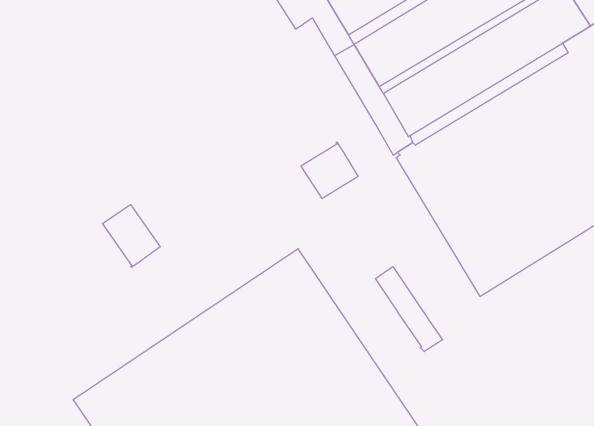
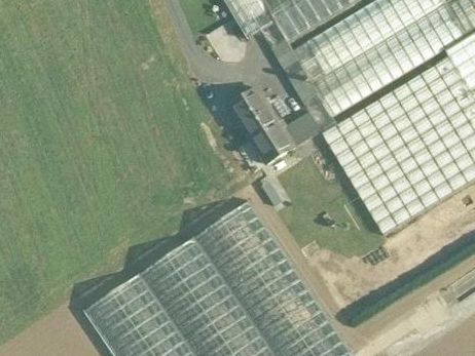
building: none -> [230,88,280,141]
building: none -> [284,113,321,148]
building: [102,205,160,267] -> none
building: [376,267,443,352] -> none

